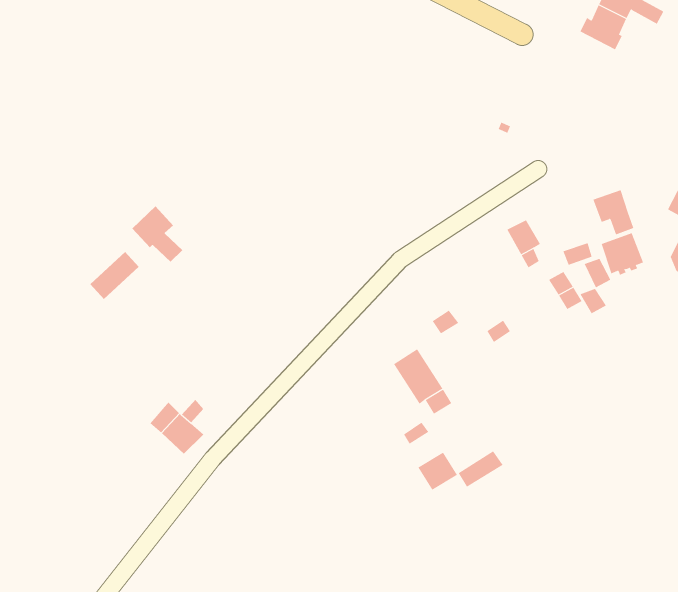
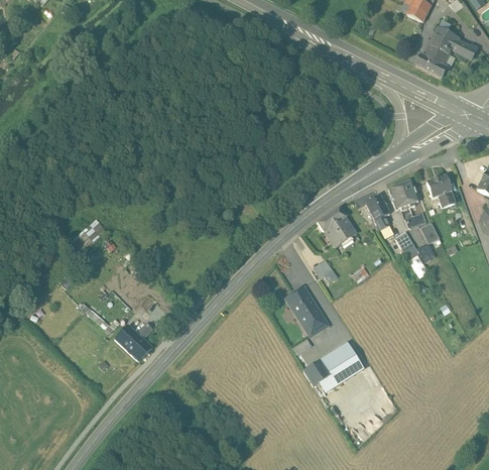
building: [132,206,183,263] -> none
building: [601,233,644,276] -> [389,180,419,210]
building: none -> [318,207,356,247]
building: none -> [322,343,357,375]

